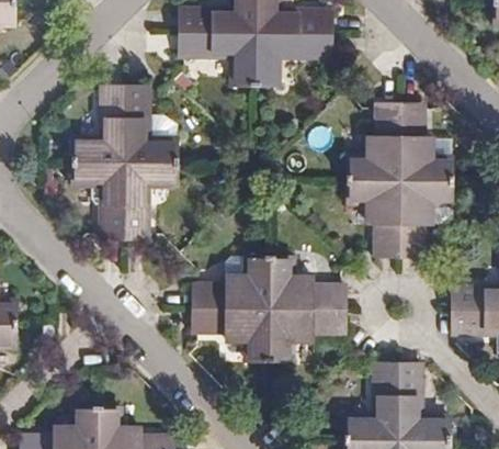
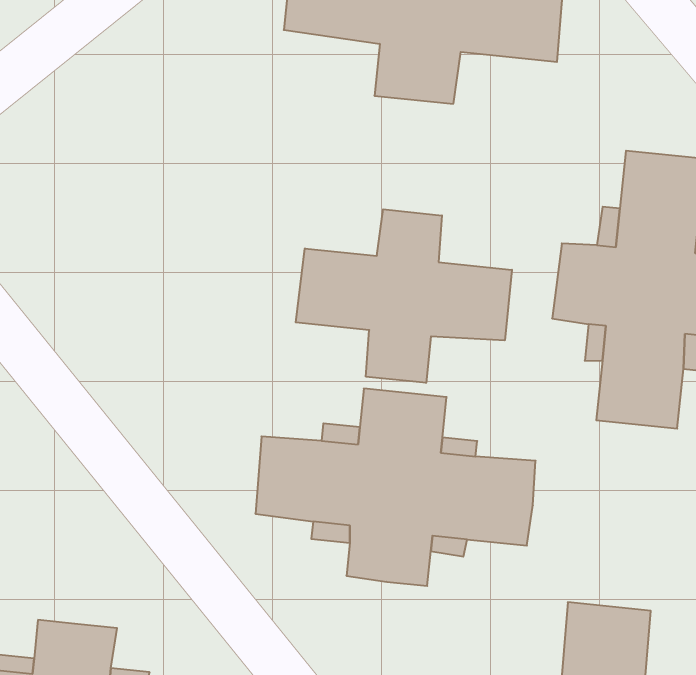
building: [70,86,180,240] -> none
building: none -> [296,209,512,383]

